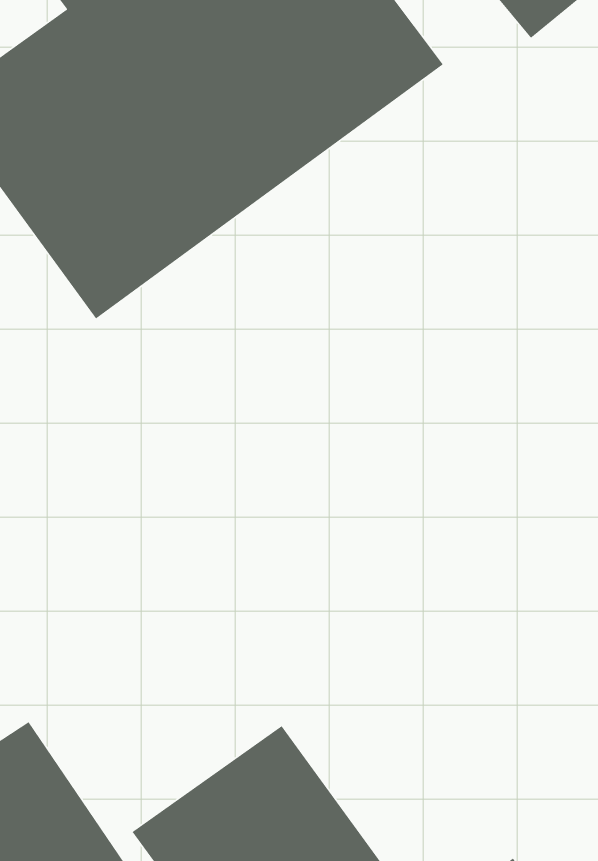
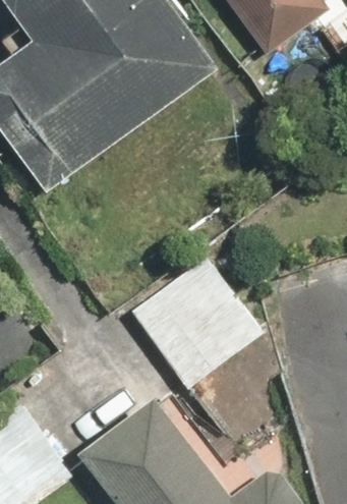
building: none -> [128,251,262,386]

